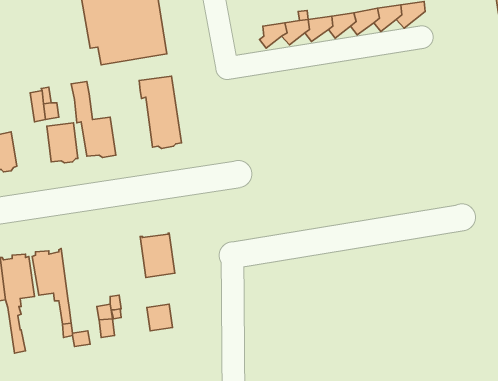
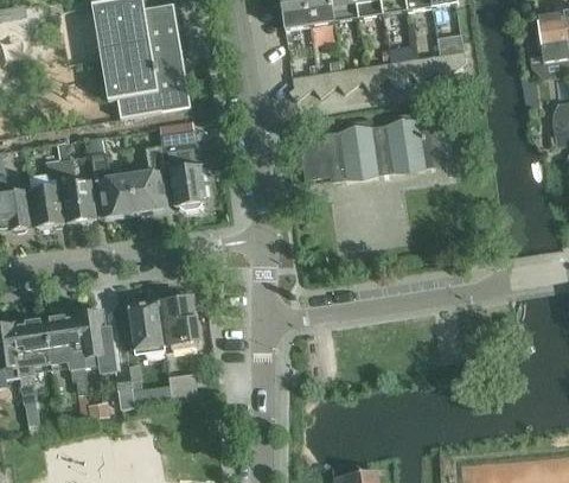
building: none -> [300,110,439,180]
building: none -> [129,145,165,214]
building: none -> [30,184,63,228]
building: none -> [127,299,165,357]
building: none -> [77,307,115,373]

